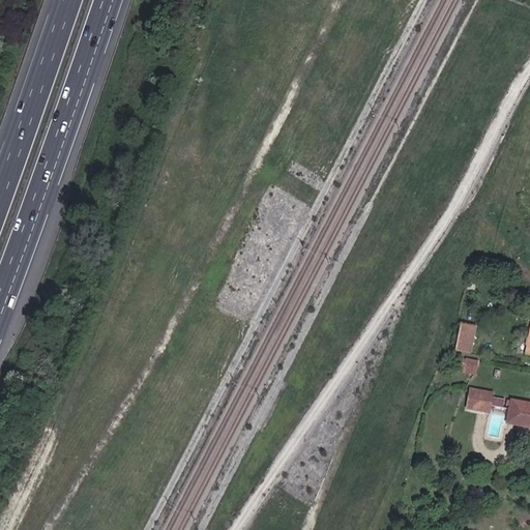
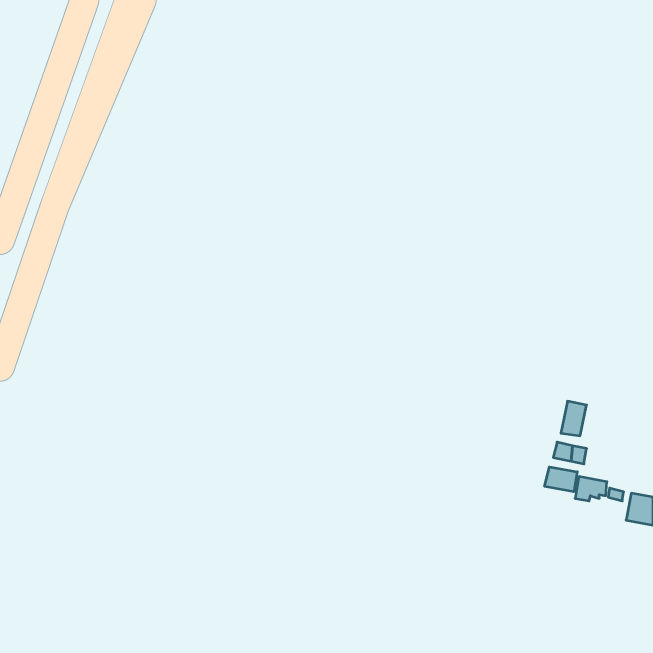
building: none -> [545,467,577,492]

